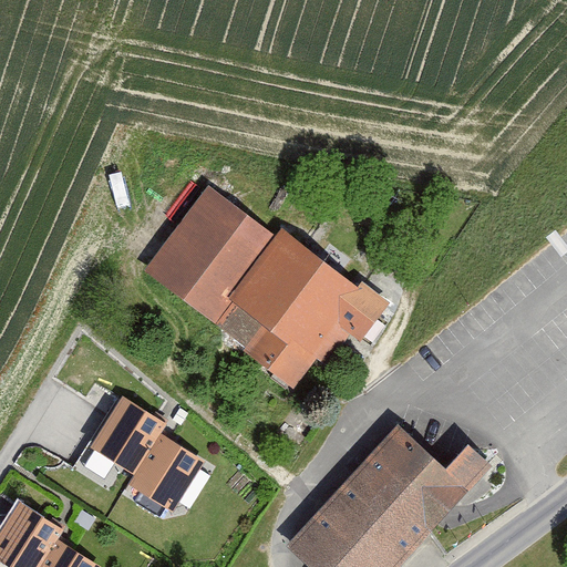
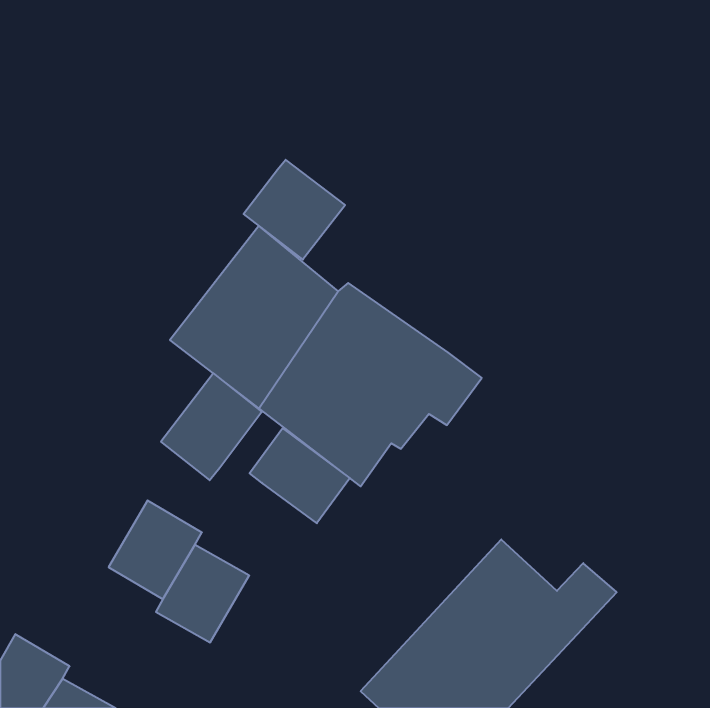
building: none -> [244,160,345,260]
building: none -> [161,373,262,480]
building: none -> [250,428,350,523]

